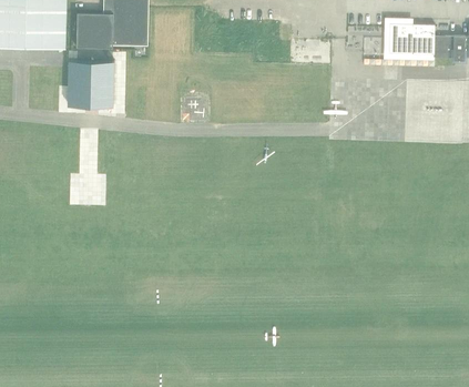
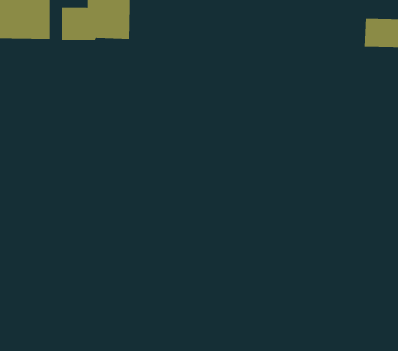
building: [68,61,114,106] -> none

